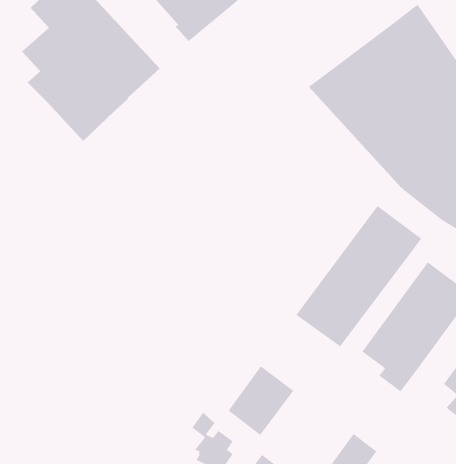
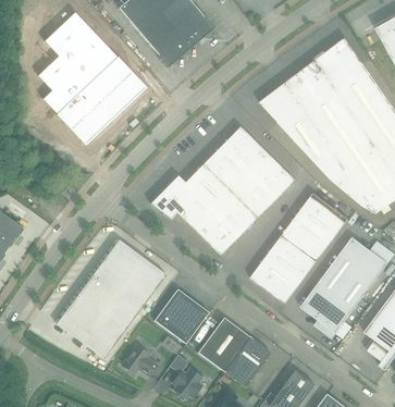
building: none -> [150,125,294,255]
building: none -> [57,238,166,358]
building: none -> [153,287,209,343]
building: none -> [223,335,271,386]
building: none -> [122,344,158,375]

